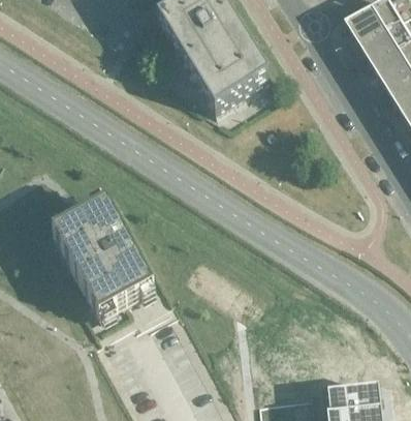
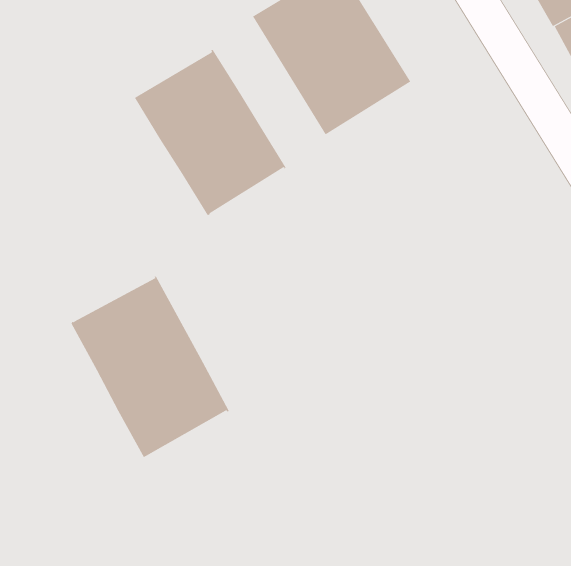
building: none -> [134,49,286,216]

